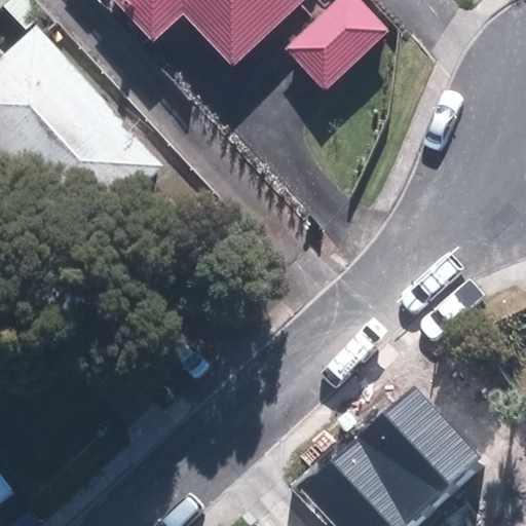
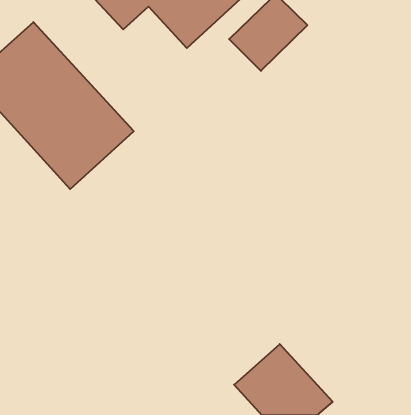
building: [352,383,475,506] -> none

